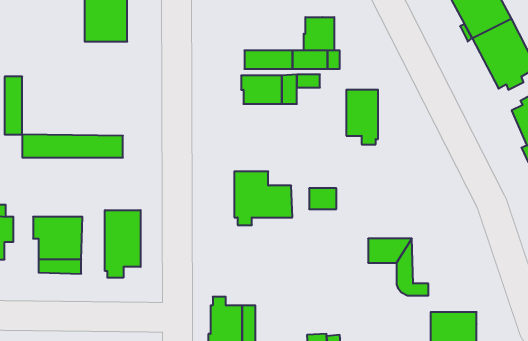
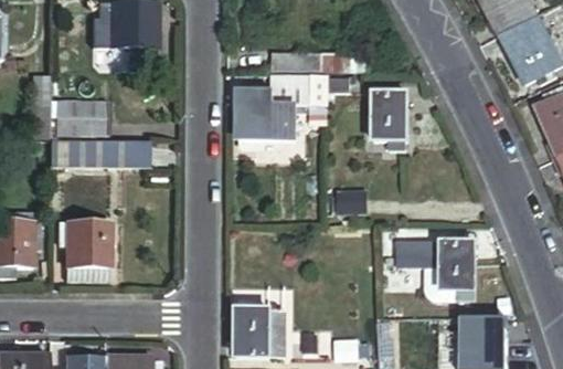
building: [304,17,334,50] -> none
building: none -> [54,102,104,136]
building: [234,171,292,225] -> [236,94,295,148]
building: [105,210,141,278] -> none
building: none -> [440,244,474,298]

